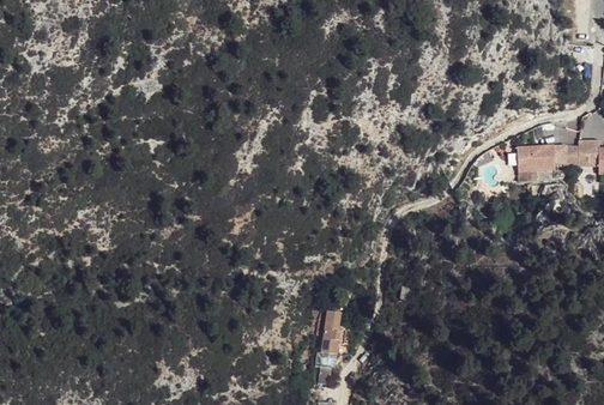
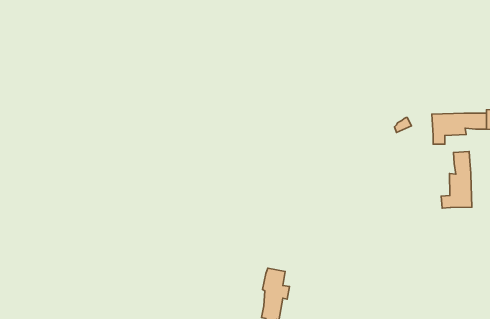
building: none -> [441,151,472,208]

